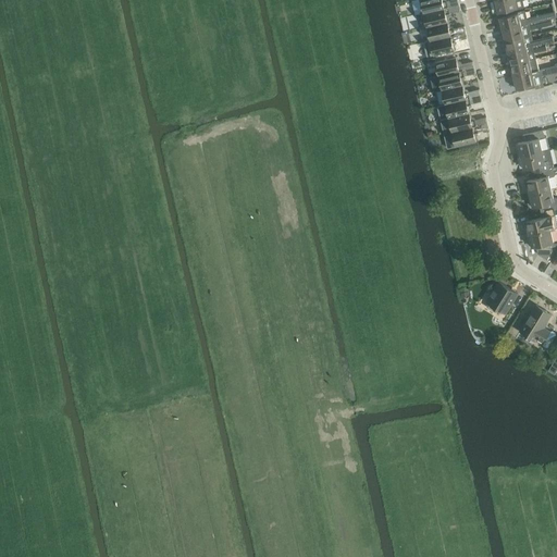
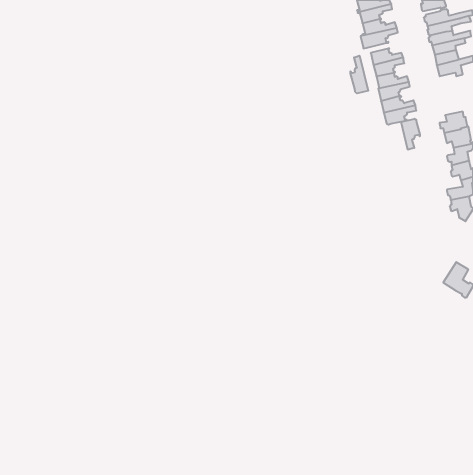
building: none -> [350,56,368,93]
building: none -> [401,119,420,150]
building: [485,282,517,313] -> none

